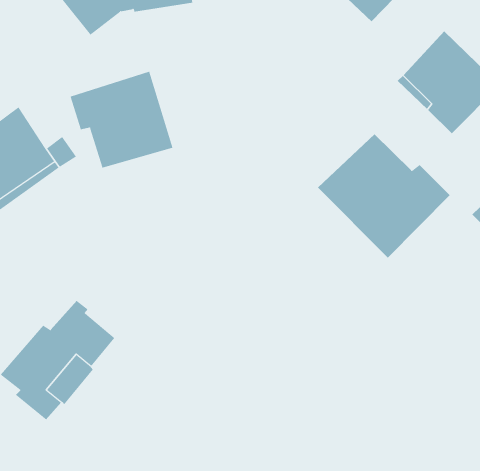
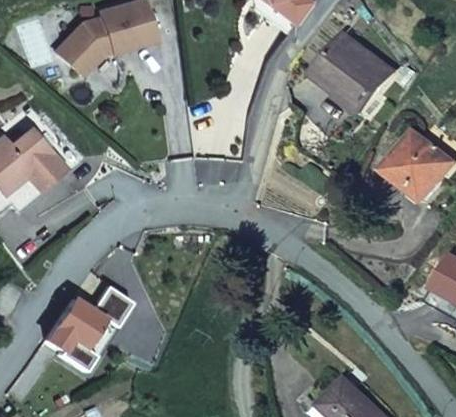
building: [70,71,173,168] -> none
building: [317,133,451,258] -> none

